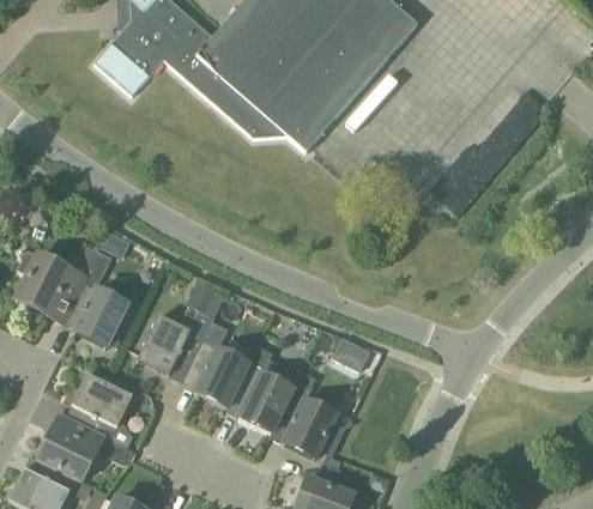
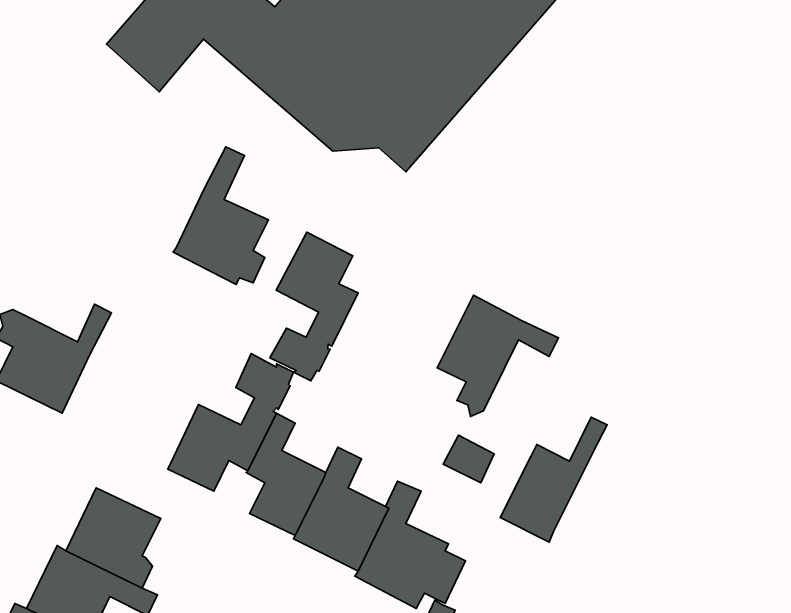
building: none -> [270,232,358,381]
building: none -> [437,295,559,417]
building: [61,250,128,347] -> [173,147,268,285]
building: none -> [500,417,607,542]

